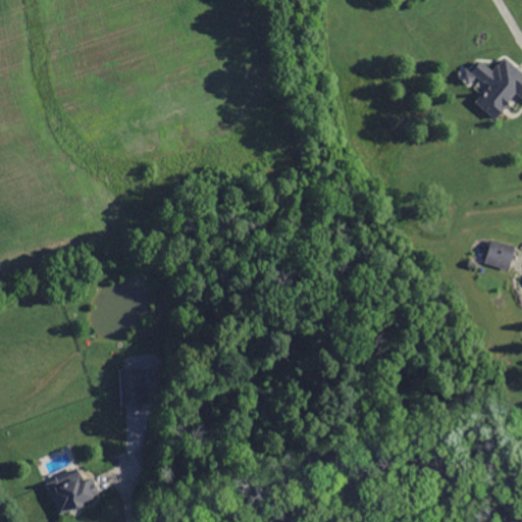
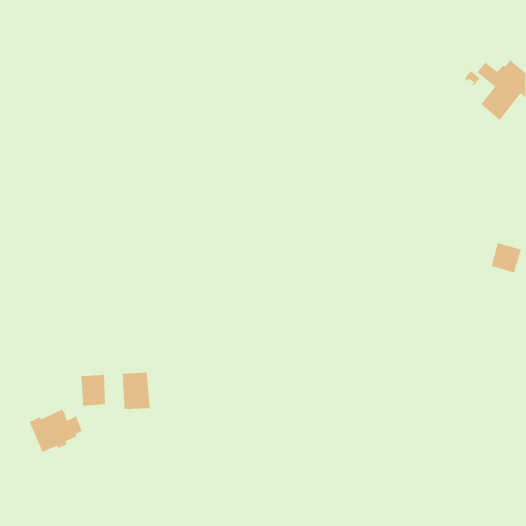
building: none -> [81,374,106,407]
building: [46,470,99,514] -> [29,408,83,453]

